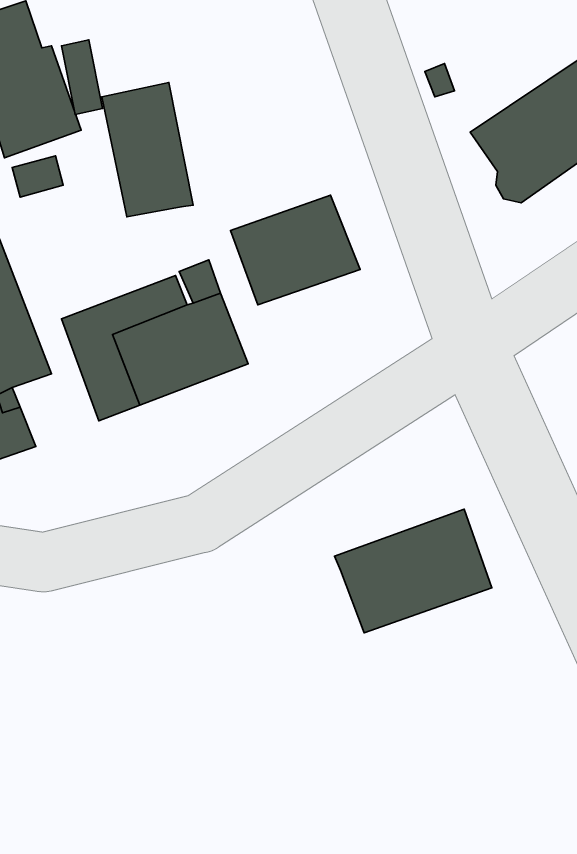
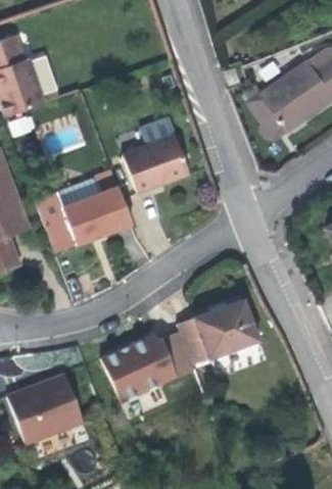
building: [102,83,193,217] -> none
building: none -> [102,331,193,402]
building: none -> [7,374,84,443]

